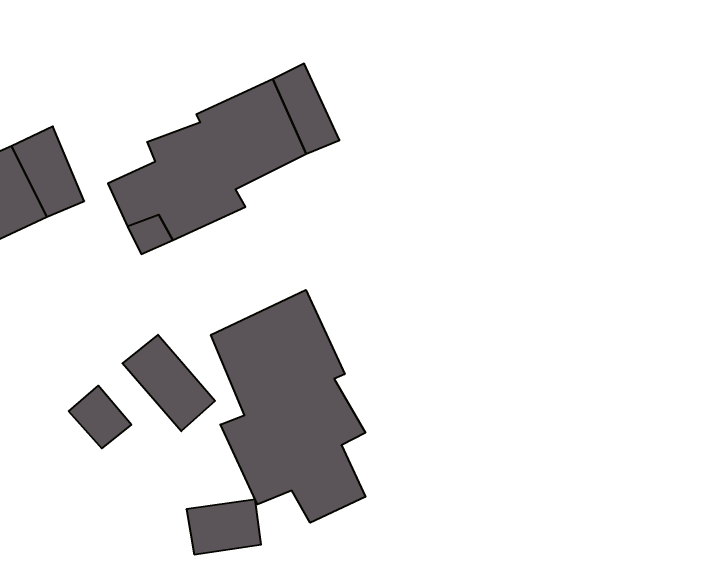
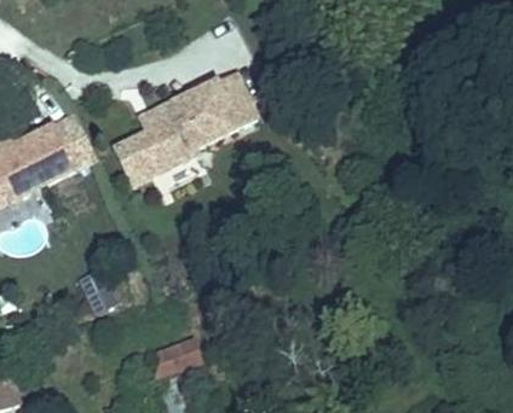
building: [211,290,365,523] -> none
building: [122,335,215,431] -> none

